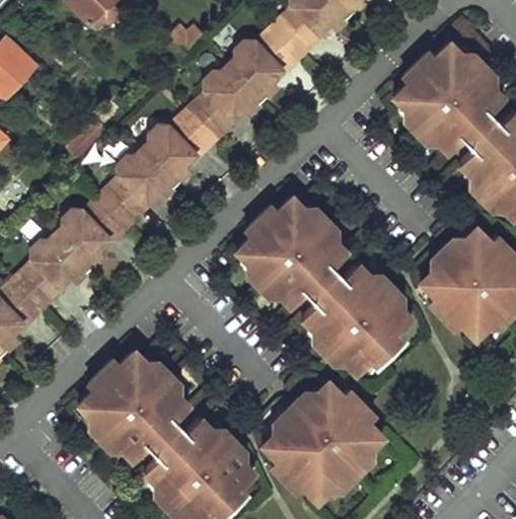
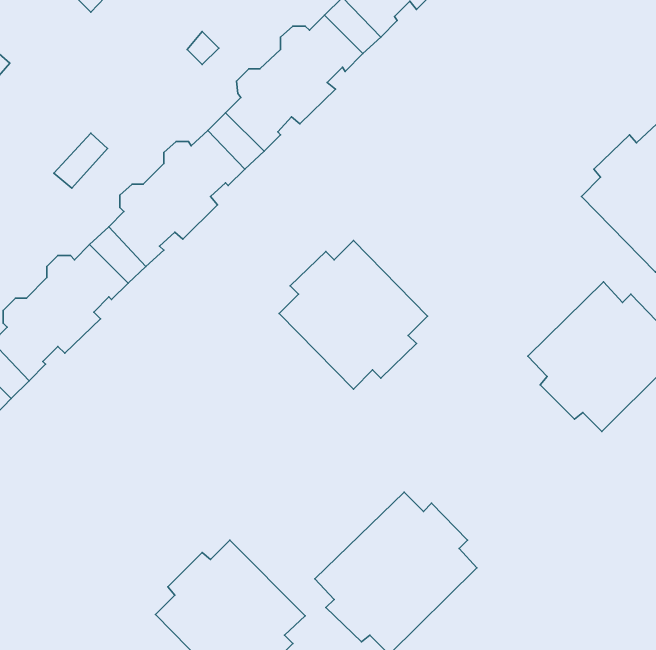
building: [392,44,502,153] -> none
building: [301,265,412,375] -> none
building: [77,352,188,462] -> none

